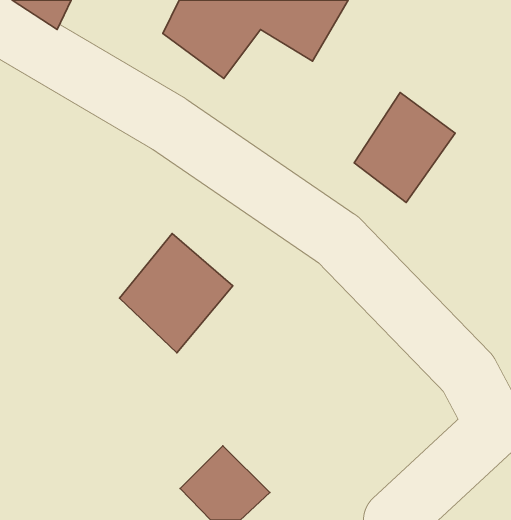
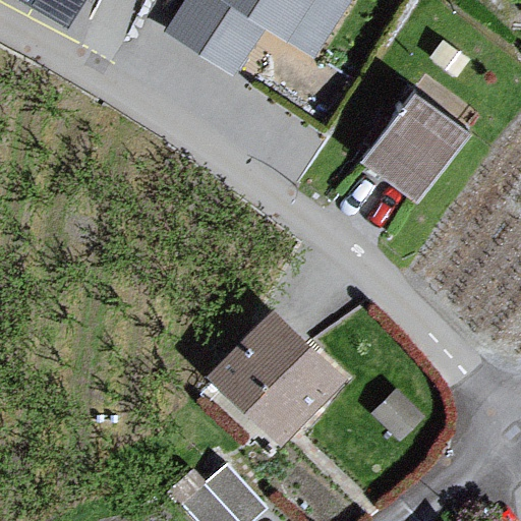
building: [119,233,233,353] -> none
building: none -> [204,311,340,451]

